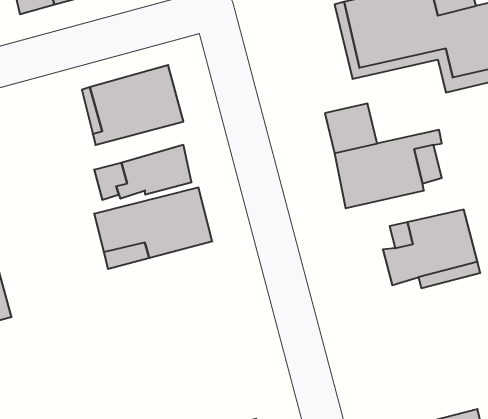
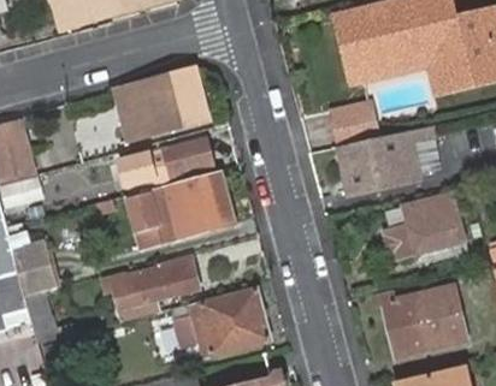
building: none -> [111,265,197,319]
building: none -> [371,286,466,356]
building: none -> [170,290,267,355]

